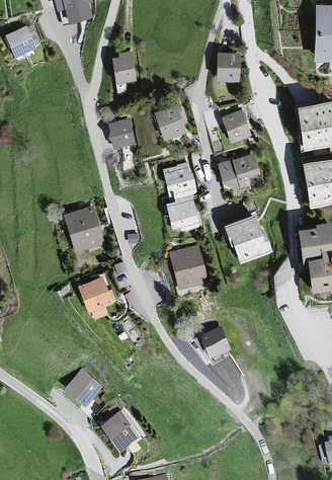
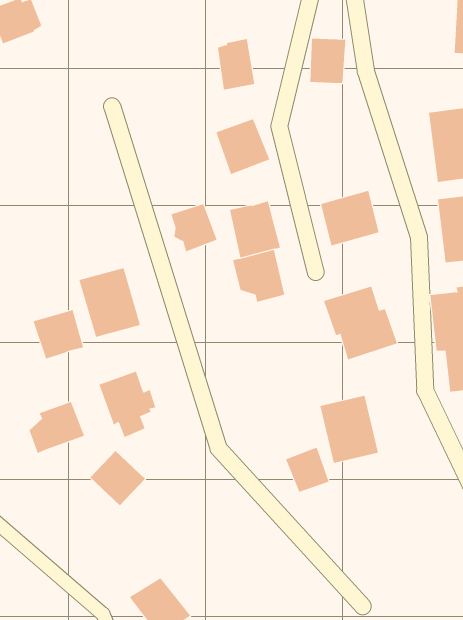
building: [113,53,139,87] -> [217,38,255,90]
building: [219,108,249,142] -> none
building: [108,121,140,153] -> [170,203,218,252]
building: none -> [33,309,84,360]
building: [170,246,210,292] -> [320,395,379,464]
building: none -> [29,401,85,454]
building: [63,369,100,406] -> [90,450,146,506]

